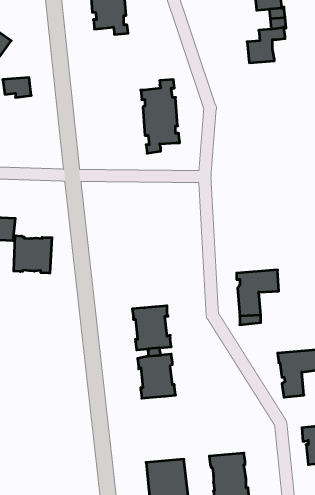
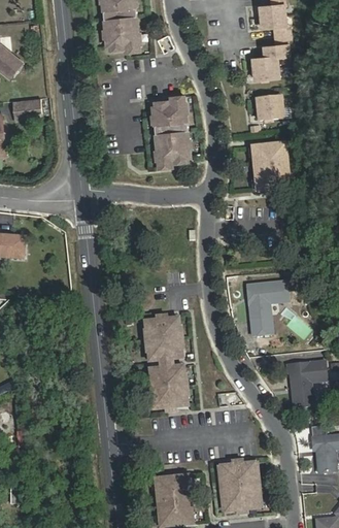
building: none -> [258,100,283,124]
building: none -> [253,139,294,192]
building: [14,236,52,273] -> none

